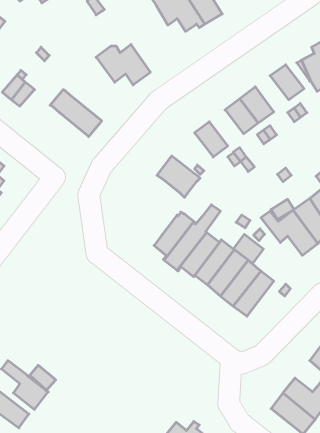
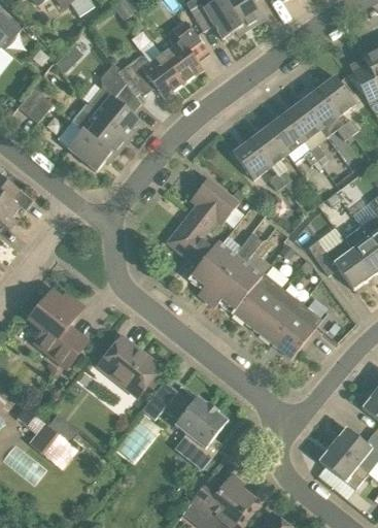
building: none -> [162,22,206,85]
building: none -> [88,65,141,139]
building: none -> [301,89,338,129]
building: none -> [58,122,114,171]
building: none -> [249,127,287,167]
building: none -> [167,204,216,266]
building: [233,234,263,263] -> none
building: none -> [28,290,89,368]
building: none -> [97,337,162,397]
building: none -> [141,381,177,420]
building: none -> [174,396,228,469]

